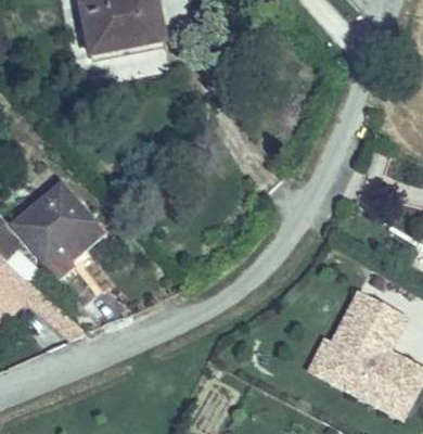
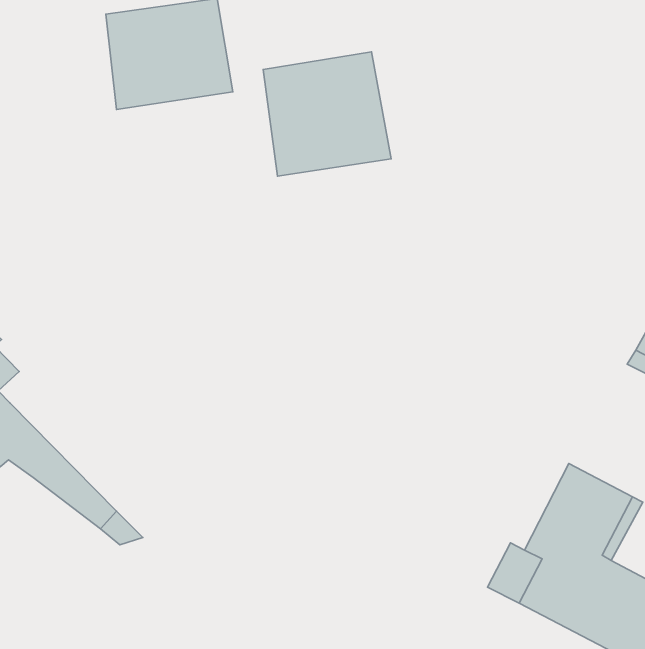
building: none -> [263,52,391,176]
building: [22,180,99,265] -> none

